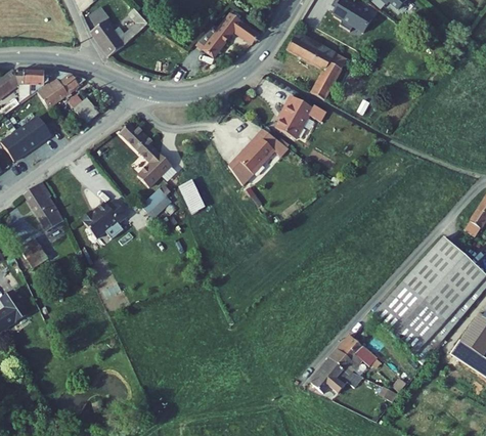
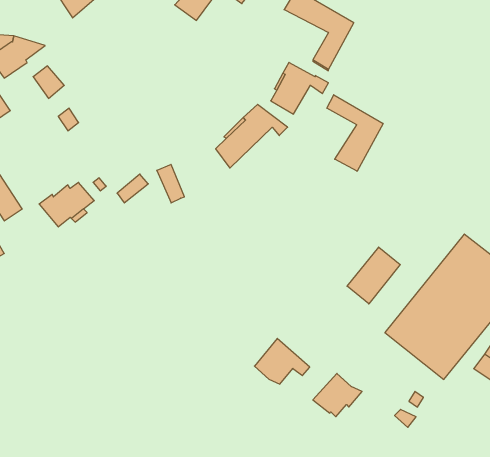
building: none -> [327,95,383,171]
building: [120,124,172,187] -> none
building: none -> [347,247,400,304]
building: [332,336,379,375] -> [254,338,310,384]

